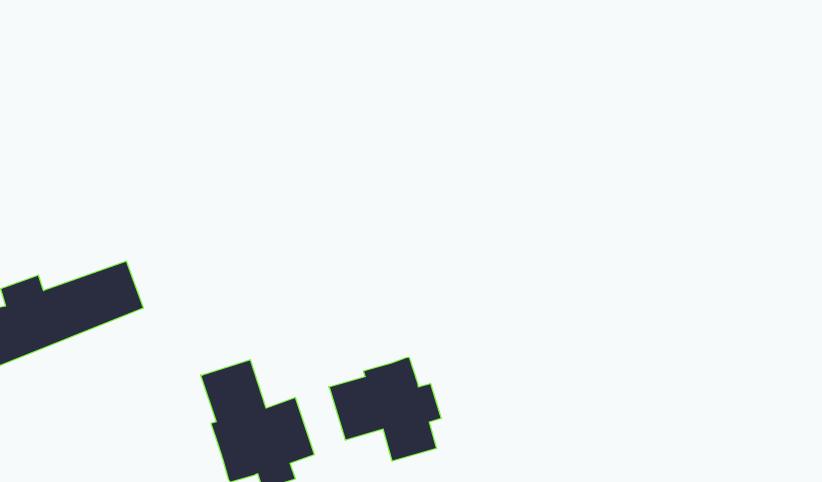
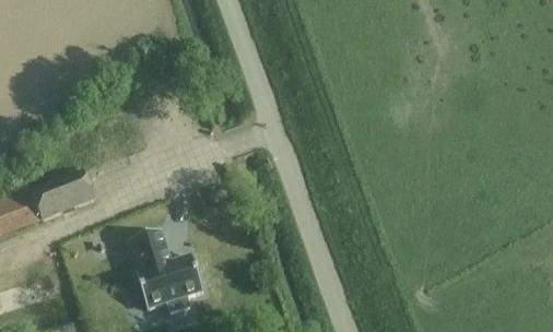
building: [329,357,441,461] -> none

